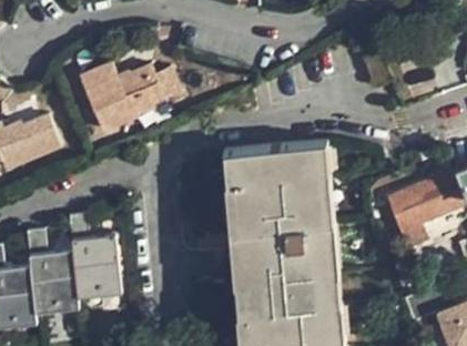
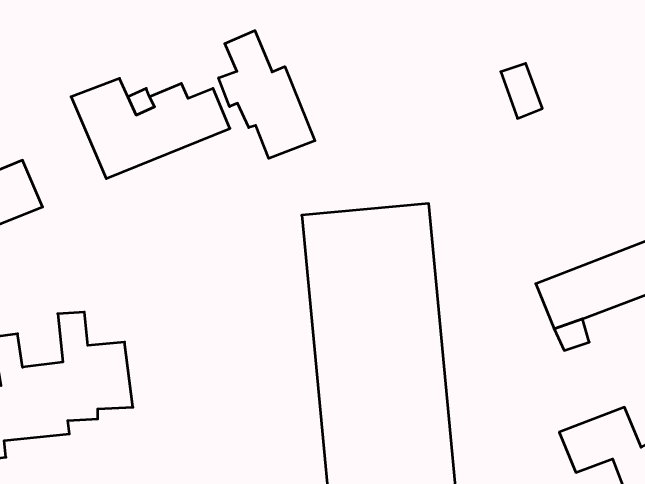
building: none -> [219,31,315,158]

